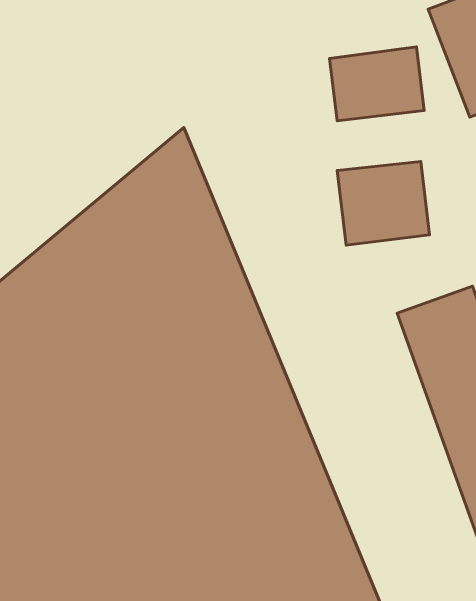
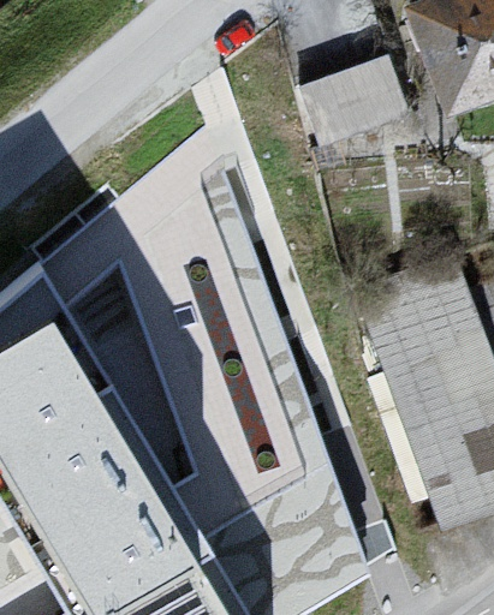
building: [337,162,430,245] -> none

